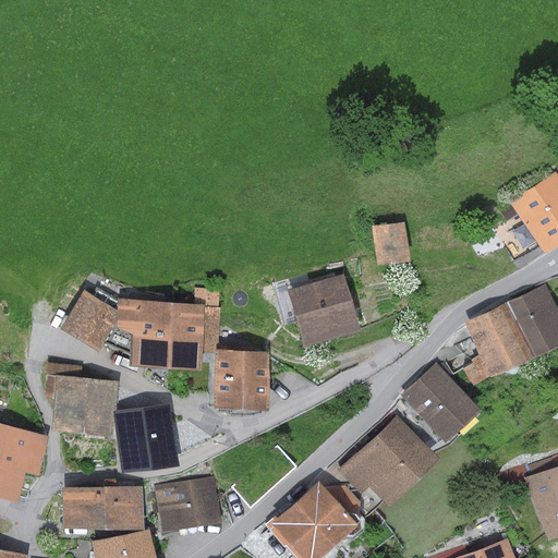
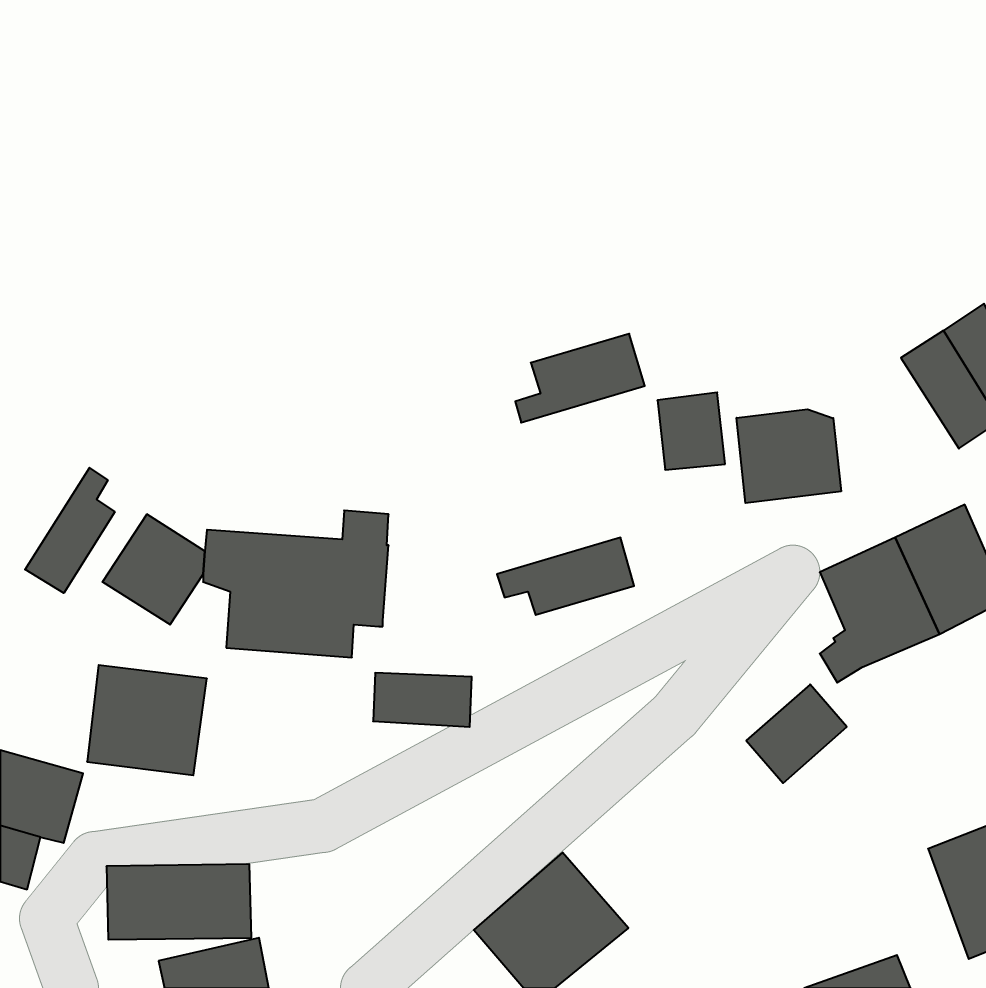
building: none -> [737,409,841,503]
building: none -> [25,468,115,593]
building: [278,274,351,324] -> [515,334,645,423]
building: [213,344,268,381] -> none
building: [400,363,458,417] -> none
building: [113,404,177,472] -> none
building: [338,415,437,505] -> none
building: [155,477,221,533] -> none

